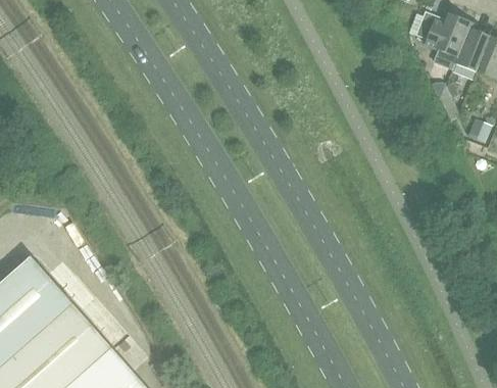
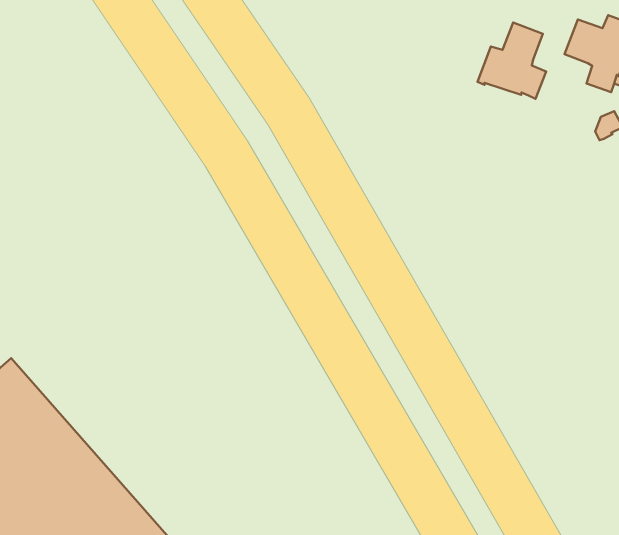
building: none -> [477,23,546,99]

